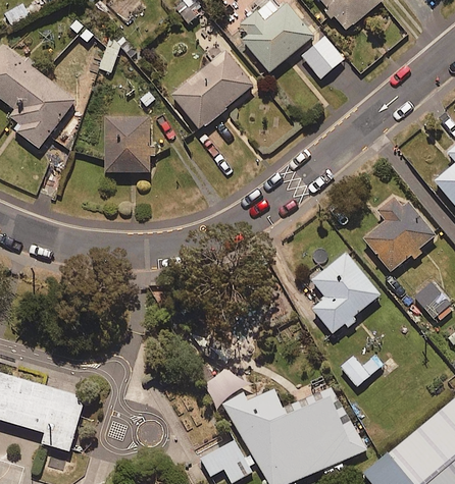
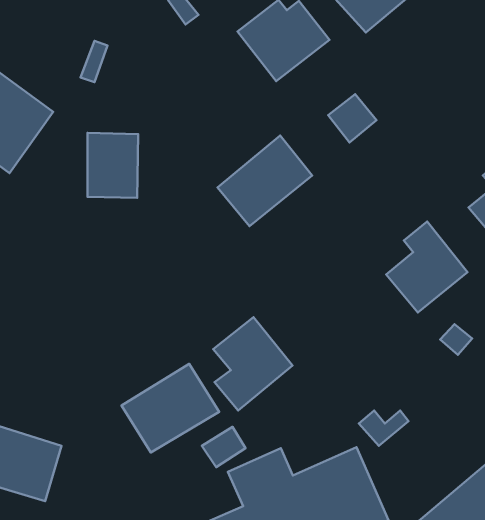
building: [302,37,344,78] -> [328,94,377,142]
building: [171,50,253,128] -> [218,135,312,226]
building: [311,253,380,333] -> [213,317,292,410]
building: none -> [122,364,219,452]

